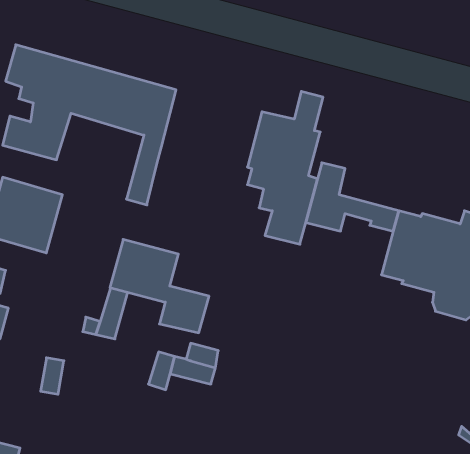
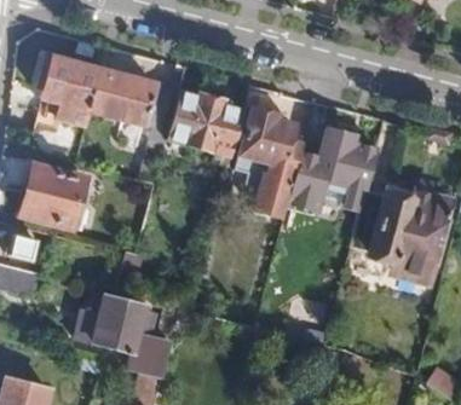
building: none -> [169,89,246,154]
building: none -> [317,126,378,190]
building: [110,239,209,333] -> [90,299,172,376]

